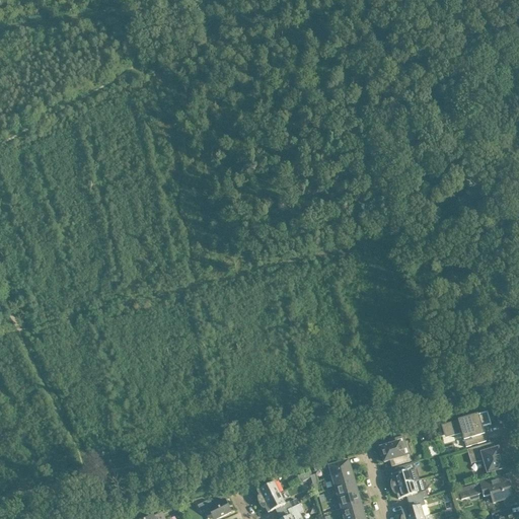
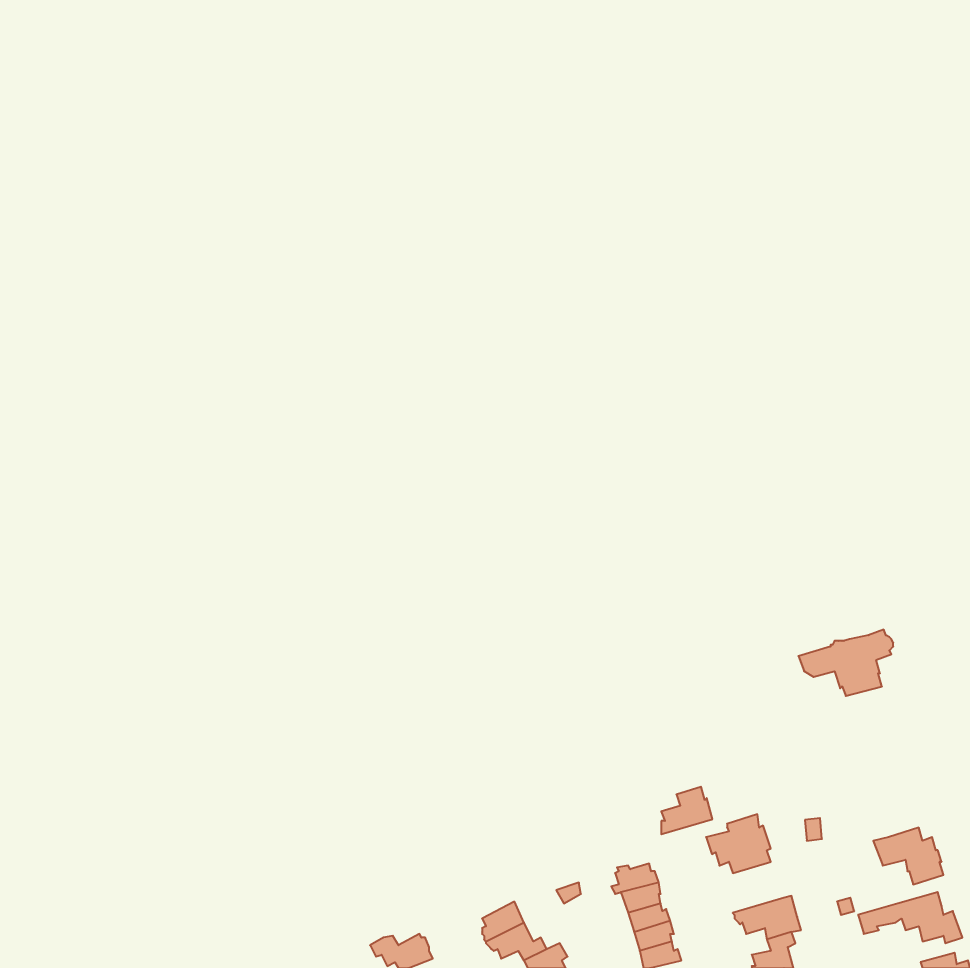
building: [441,411,492,446] -> [798,630,893,696]
building: [391,462,419,488] -> [661,787,712,834]

